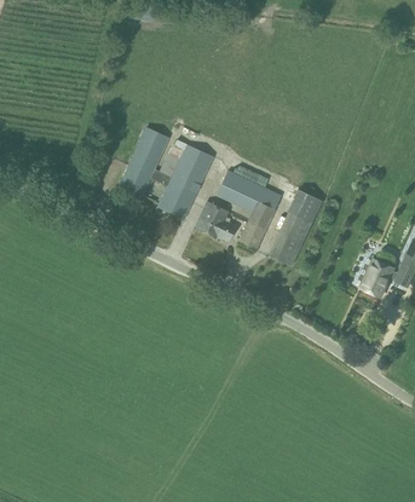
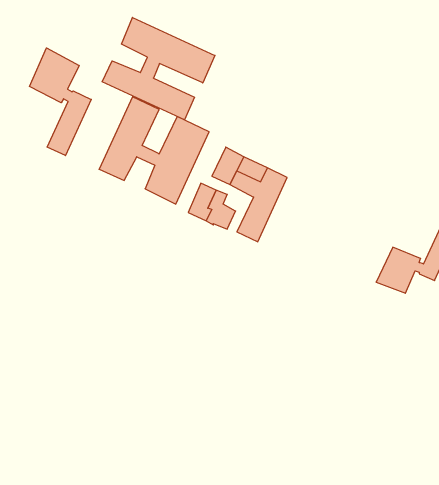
building: none -> [102,17,215,120]
building: none -> [30,48,91,156]
building: [271,189,321,266] -> none

